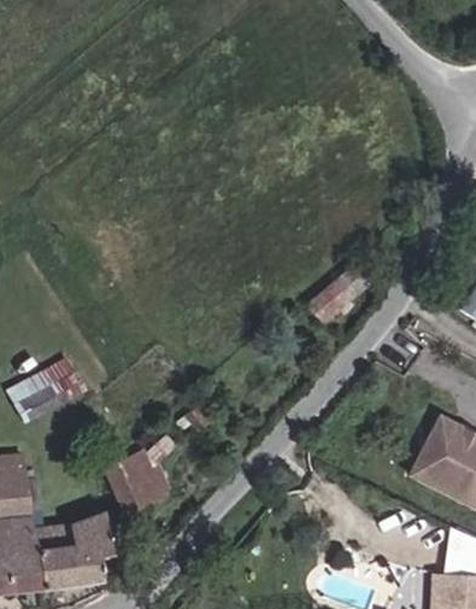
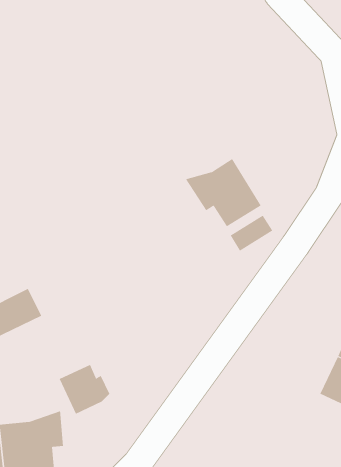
building: none -> [185,158,262,227]

